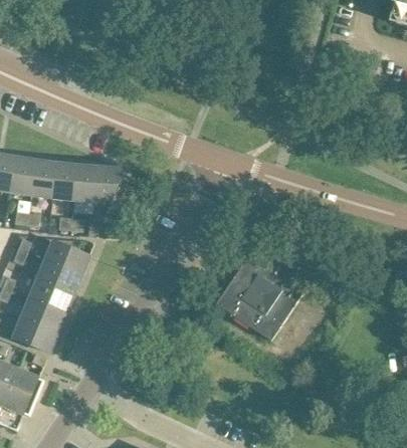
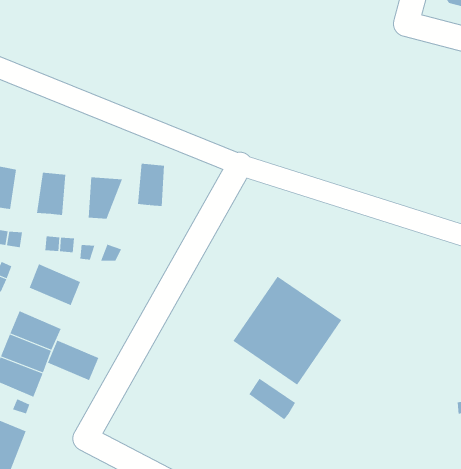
building: [30,160,56,196] -> none
building: [73,164,96,200] -> [137,163,165,207]
building: [37,258,80,292] -> [47,340,99,381]
building: none -> [248,378,296,420]

